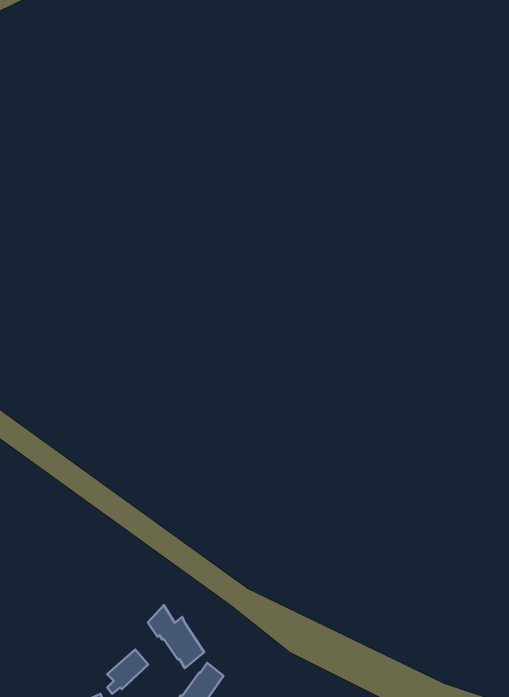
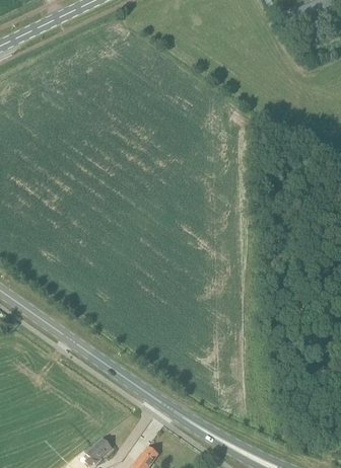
building: [148,605,204,668] -> none

